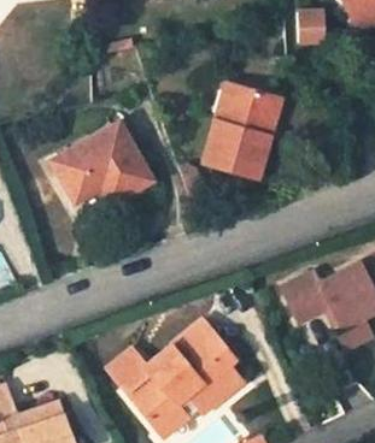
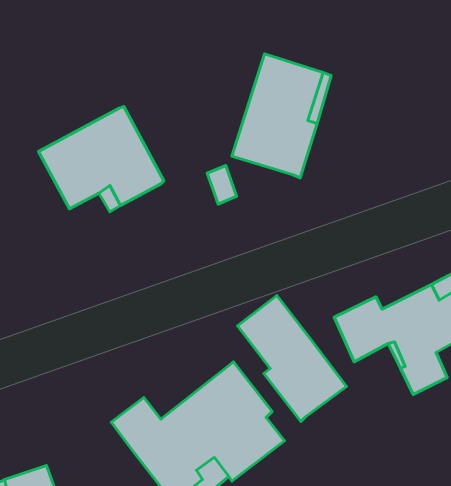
building: none -> [237,296,346,422]

